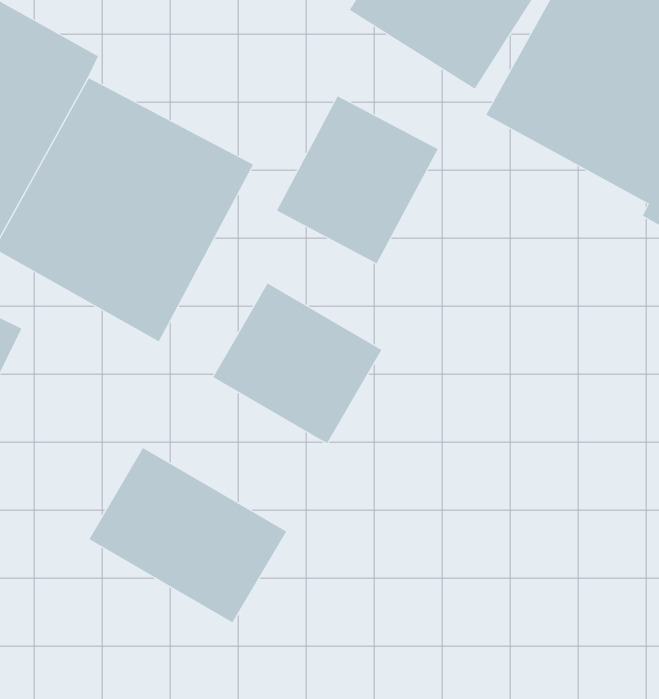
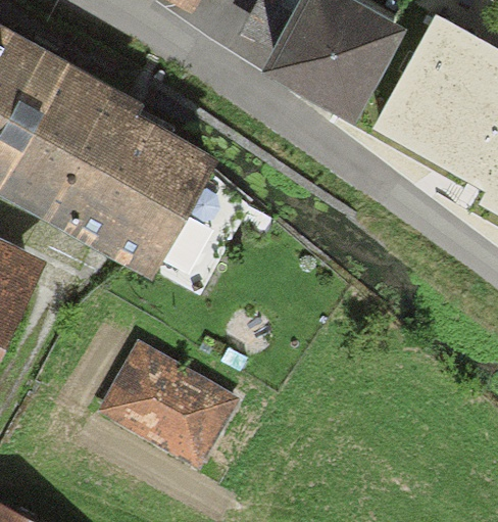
building: [276,96,439,264] -> none
building: [213,283,382,444] -> none

